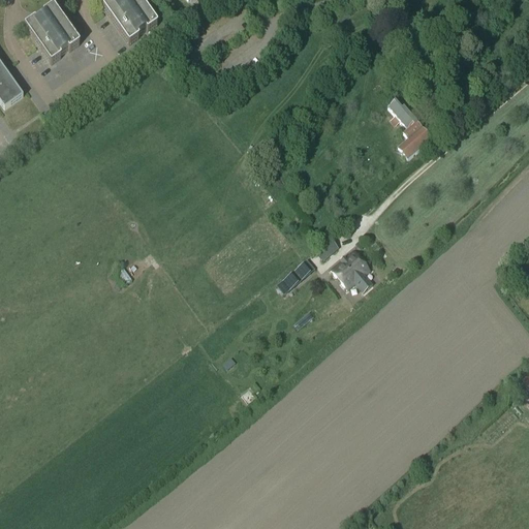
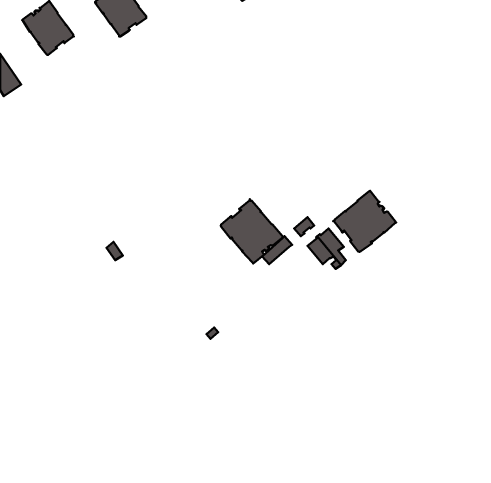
building: [387,97,431,156] -> none
building: none -> [333,191,396,252]
building: none -> [221,199,283,263]

